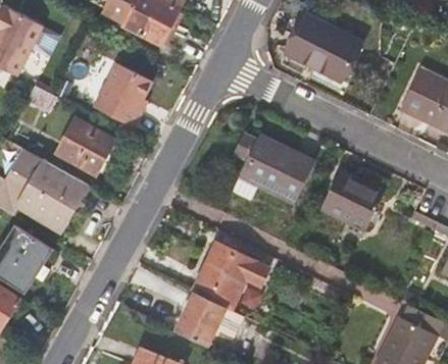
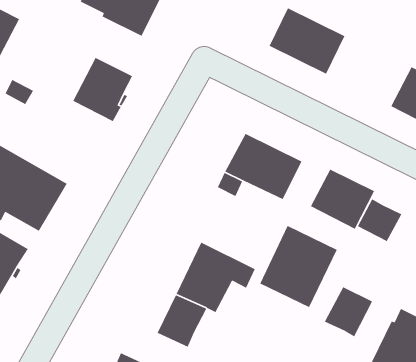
building: [58,116,114,170] -> none
building: none -> [357,198,402,242]
building: none -> [259,225,338,308]
building: none -> [324,286,373,337]

